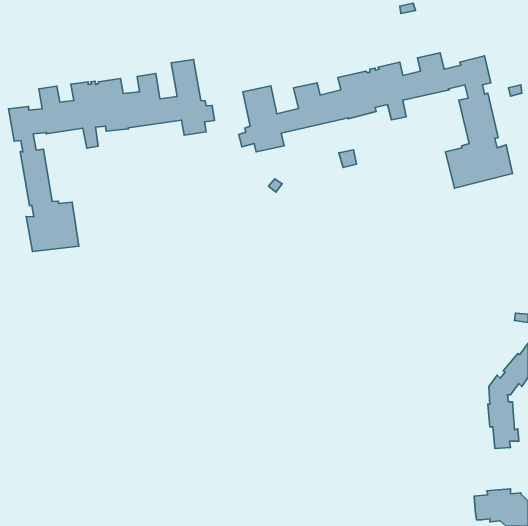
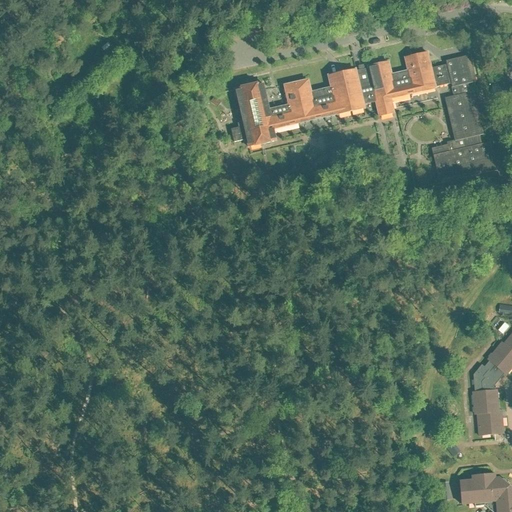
building: [9,59,214,251] -> none

